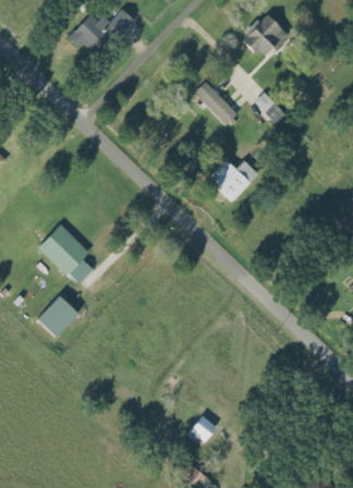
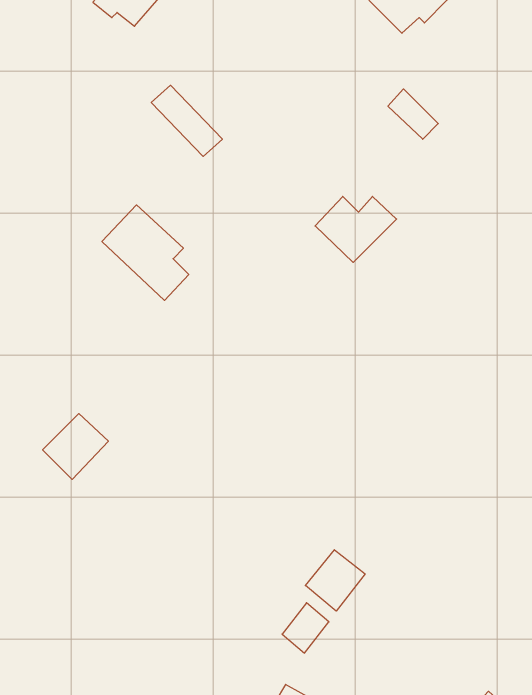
building: [194,82,239,126] -> [151,85,222,156]
building: [38,225,93,285] -> [102,205,189,300]
building: none -> [305,550,365,611]

